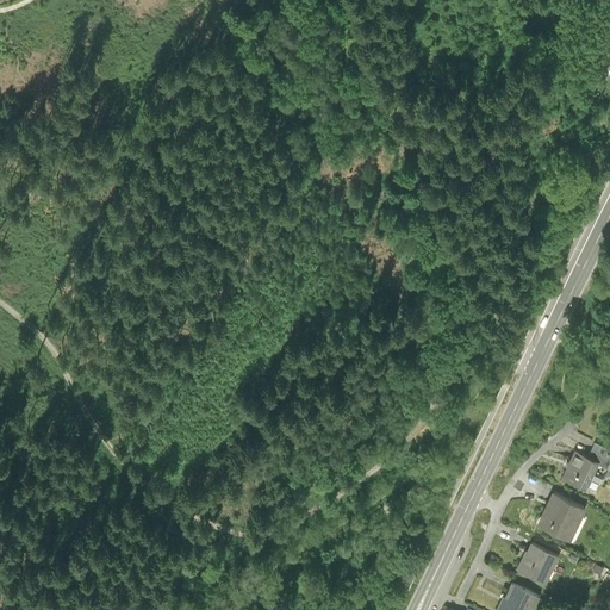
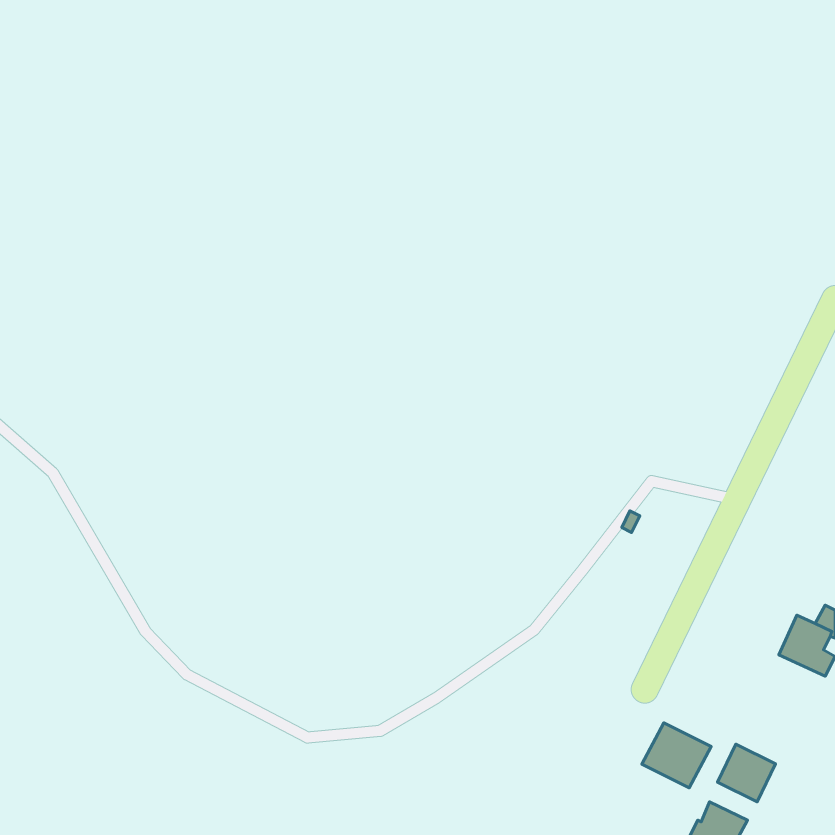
building: [536,493,585,541] -> none
building: none -> [642,723,711,788]

